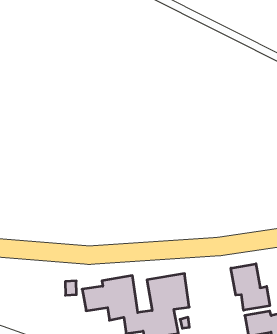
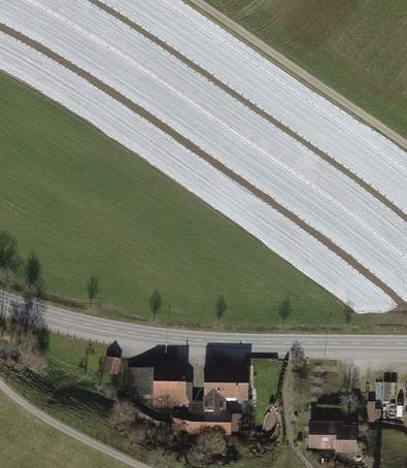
building: [231,264,270,310] -> none

